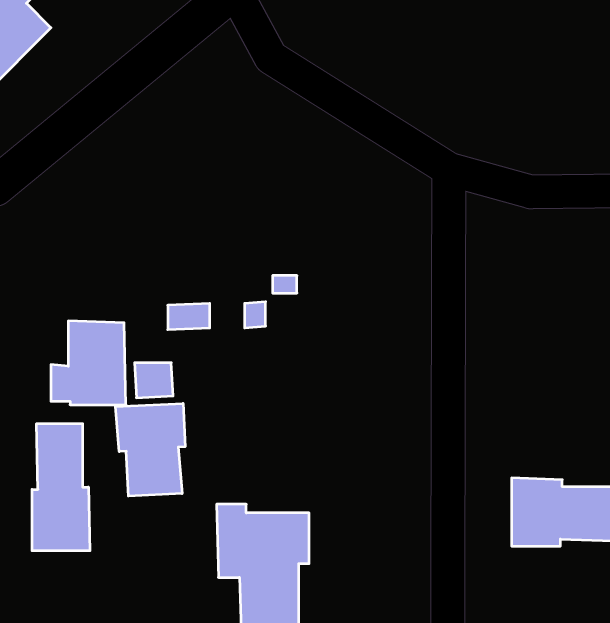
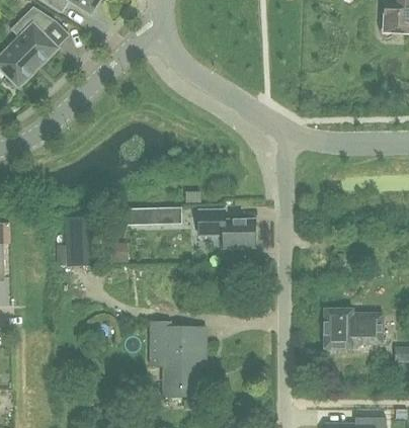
building: none -> [198,209,255,247]
building: [115,403,185,496] -> none
building: [32,424,90,551] -> none

